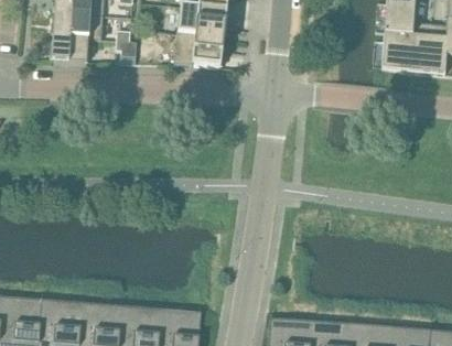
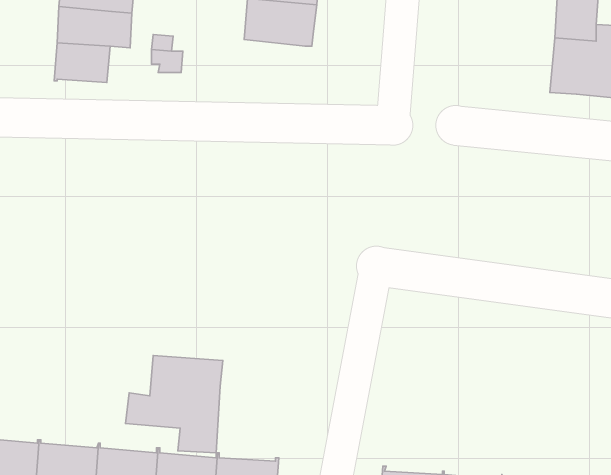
building: [173,34,223,68] -> none
building: none -> [125,355,223,453]

